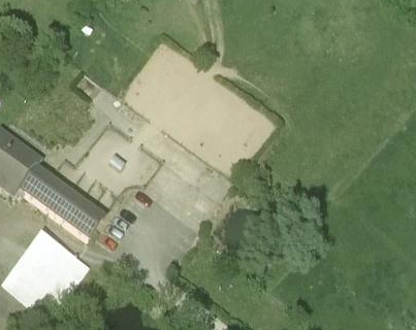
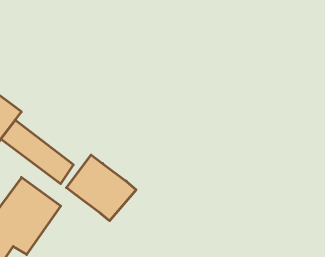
building: none -> [66,155,136,221]

